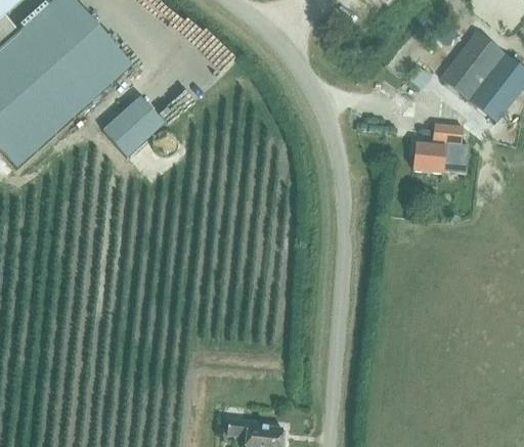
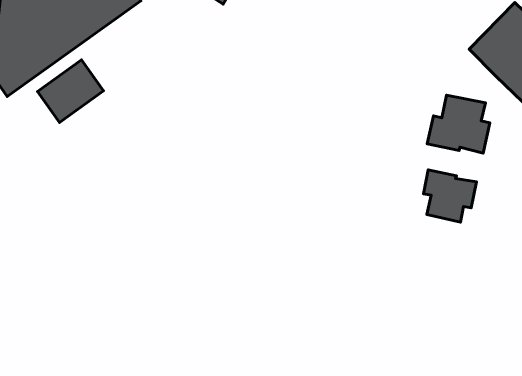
building: [102,95,164,155] -> [37,60,103,122]
building: none -> [424,170,476,222]

